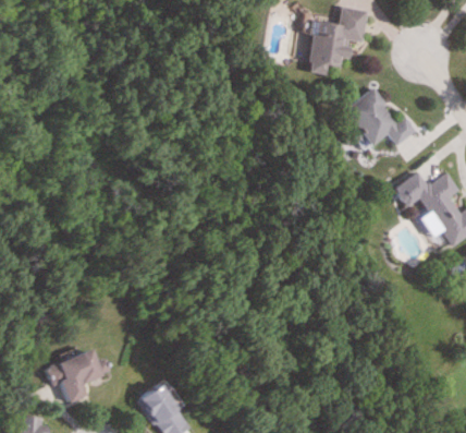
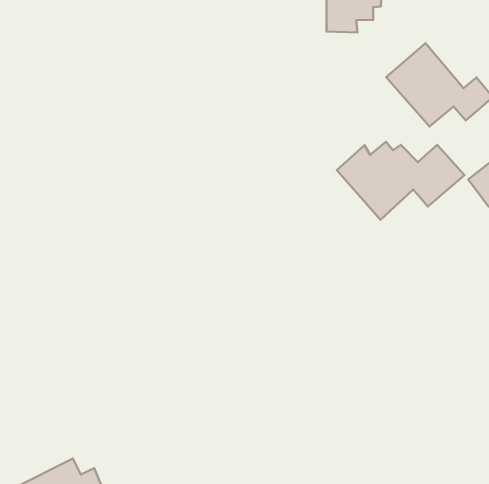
building: none -> [337,142,464,220]

